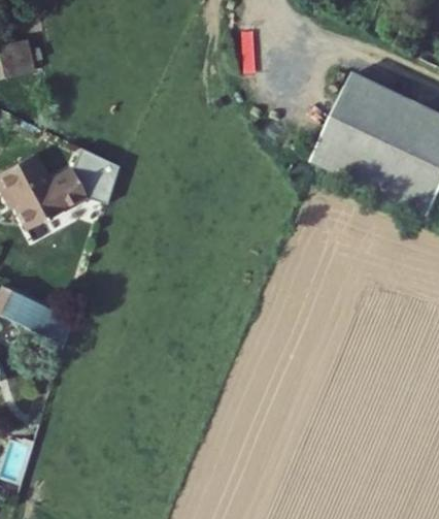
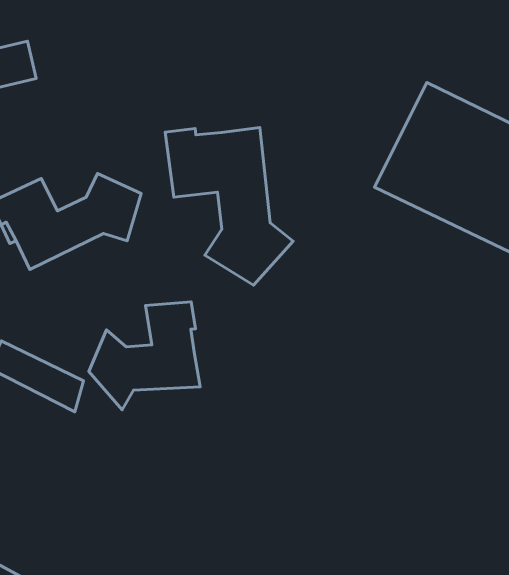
building: none -> [165,128,293,285]
building: none -> [89,302,200,410]

